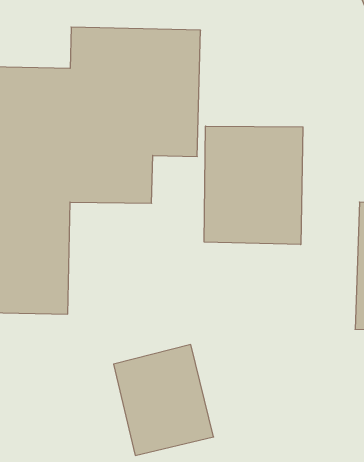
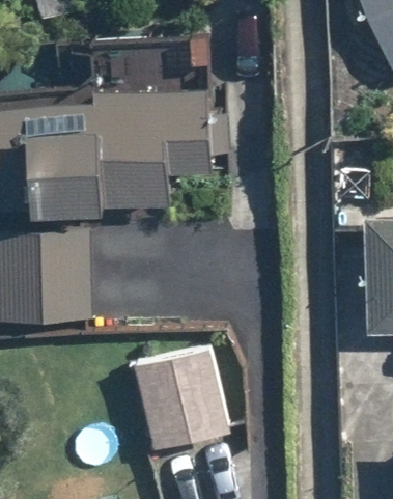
building: [204,126,303,245] -> none

